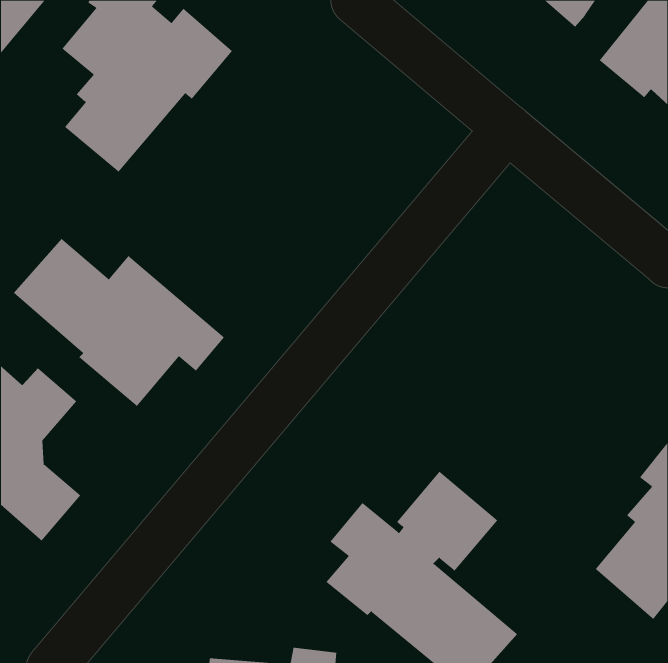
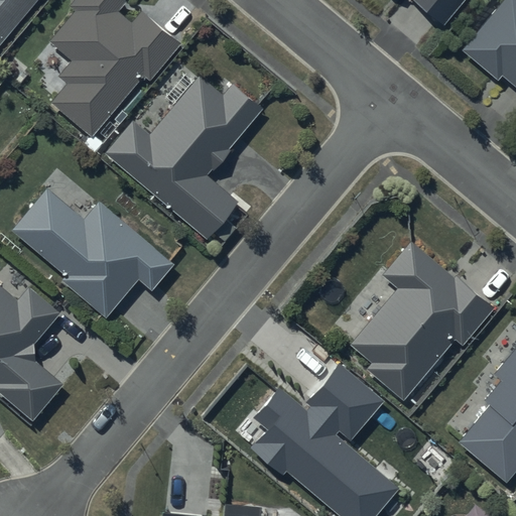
building: none -> [106,76,263,239]
building: none -> [349,241,494,400]

